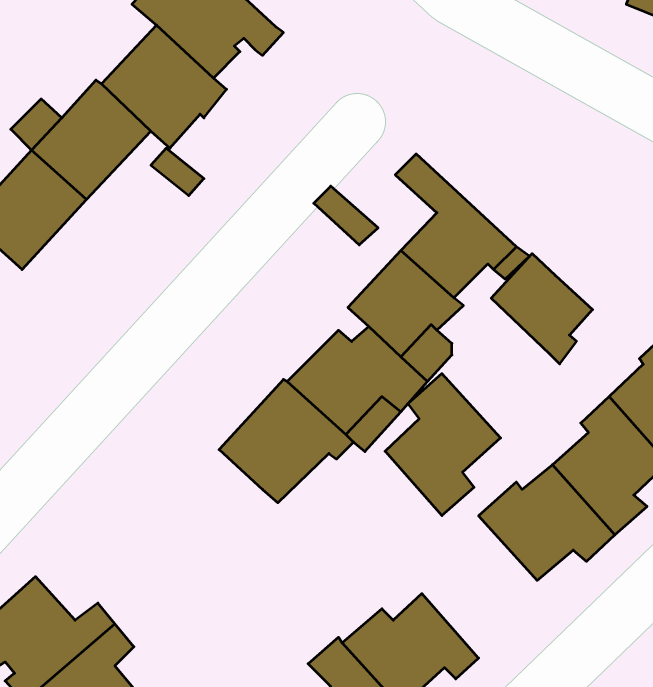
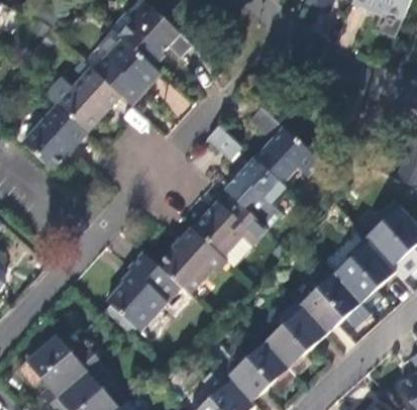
building: [491,254,593,364] -> none
building: [385,374,501,516] -> [264,300,325,376]
building: none -> [107,252,179,327]

